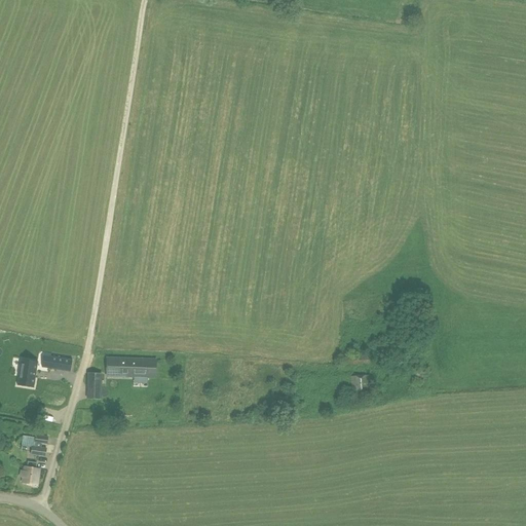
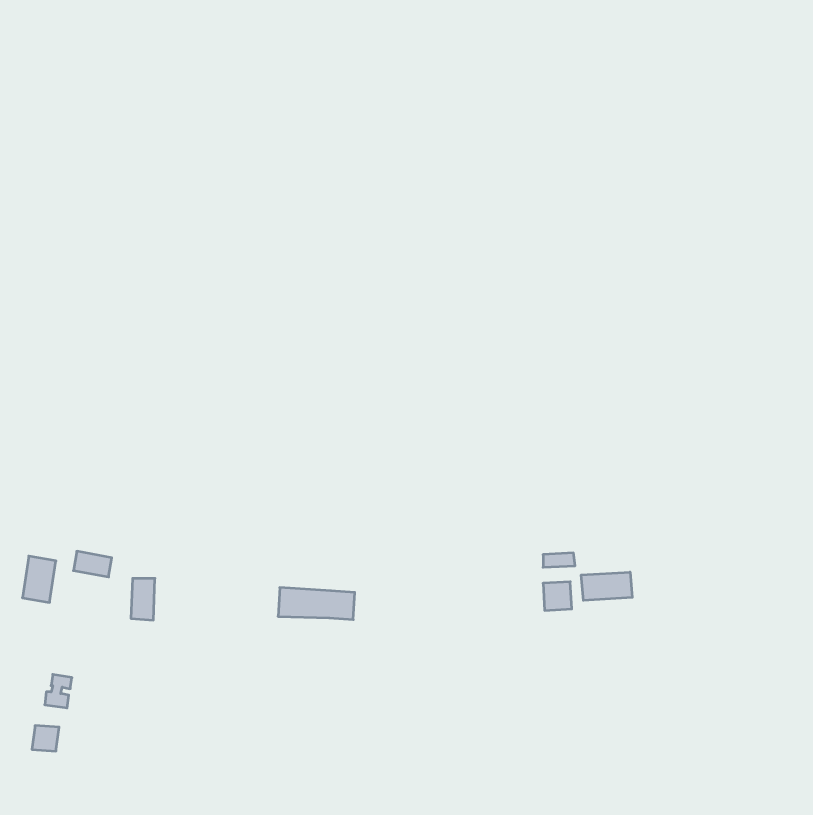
building: [105,356,154,377] -> [278,588,355,620]
building: none -> [581,572,632,600]

